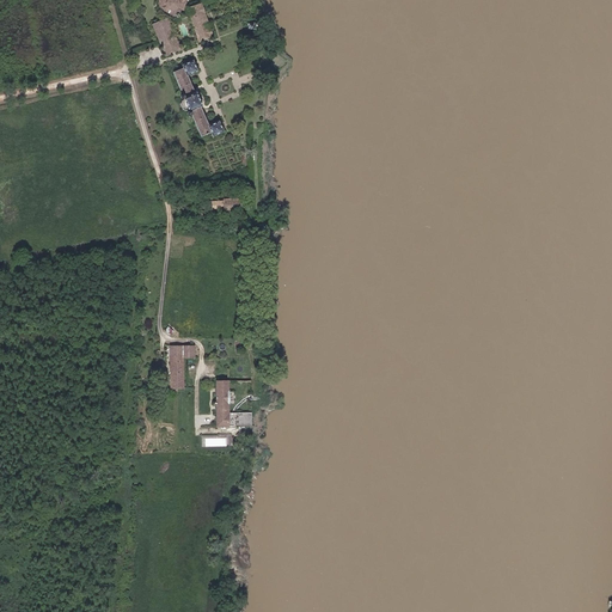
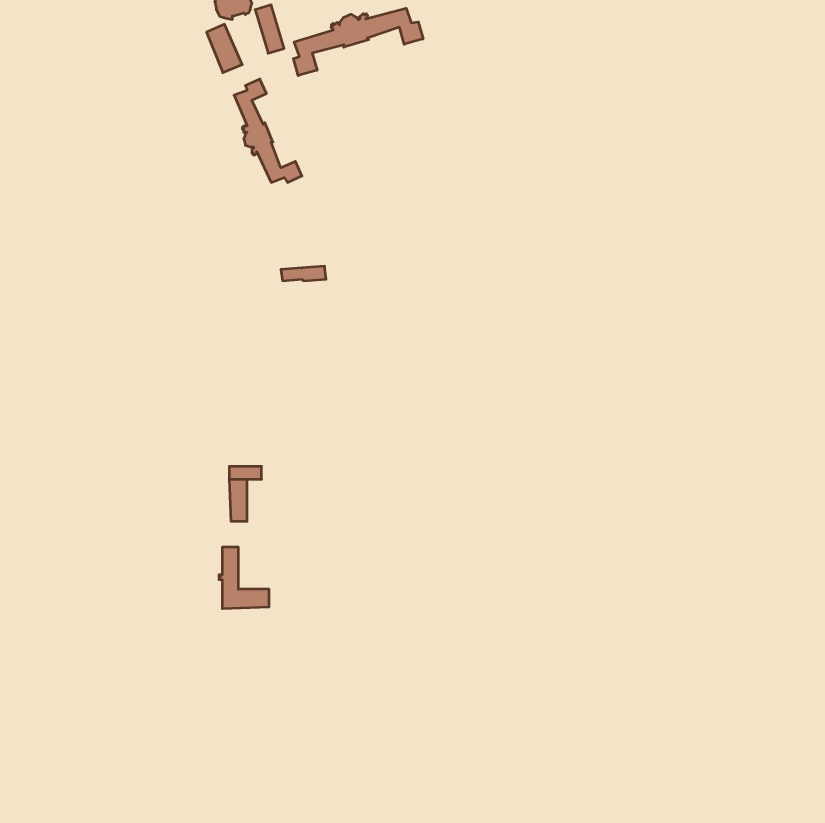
building: none -> [293,8,423,76]
building: [214,380,251,426] -> [219,547,269,609]

